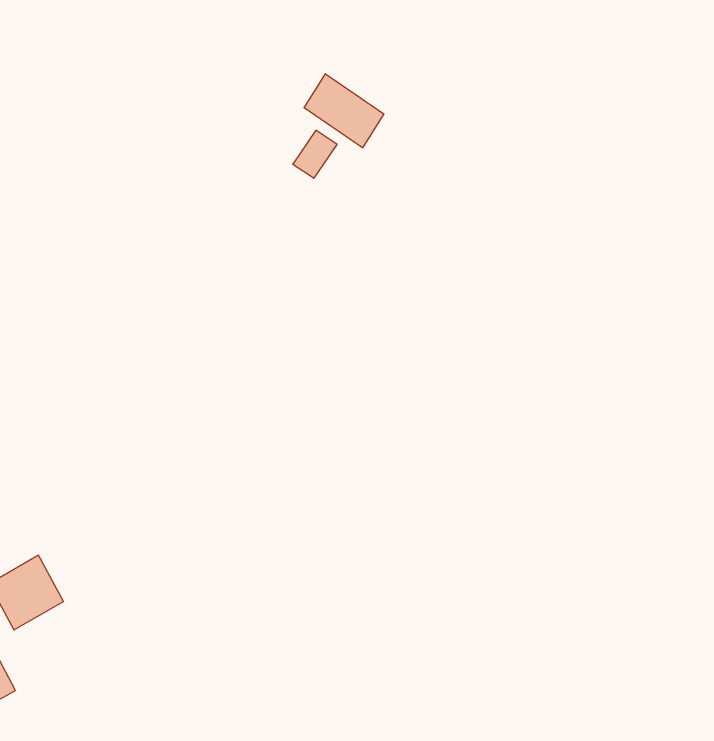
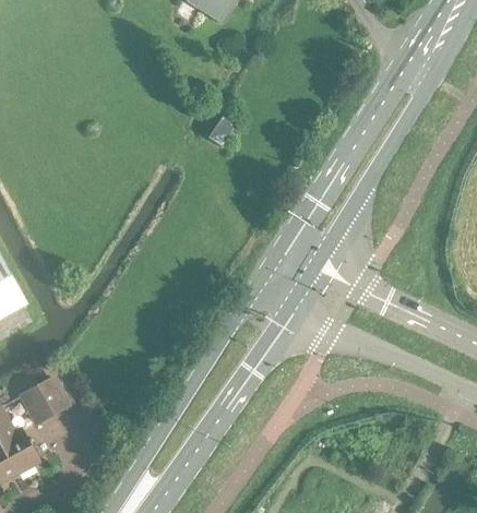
building: [304,74,384,148] -> none

